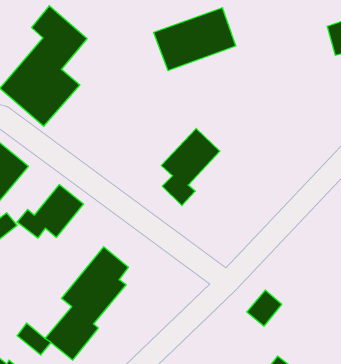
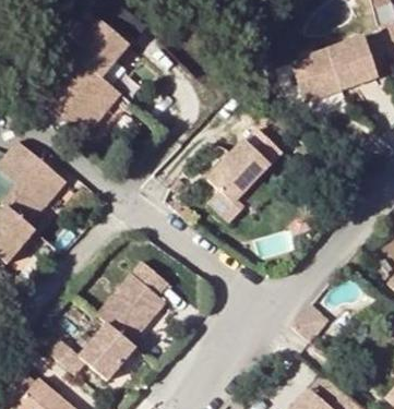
building: [154,8,236,71] -> [290,39,378,106]
building: [17,185,83,238] -> none

